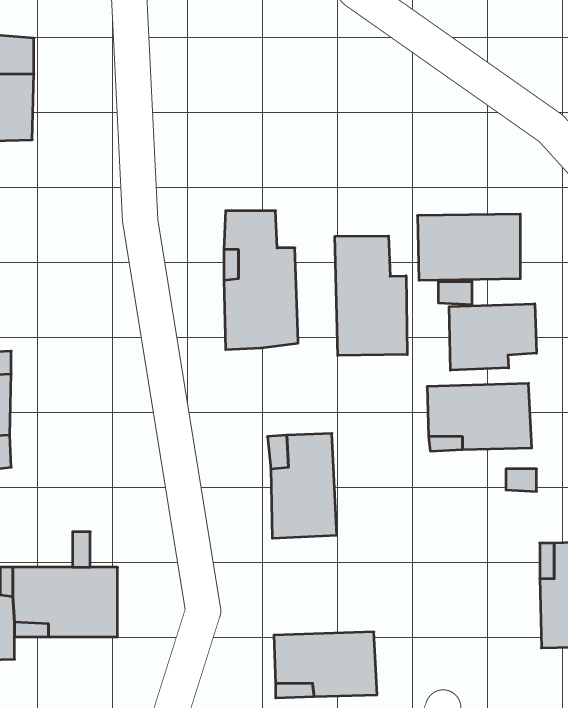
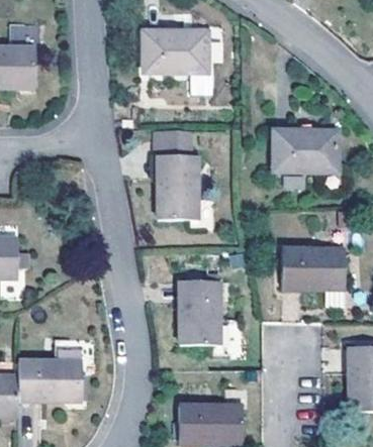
building: none -> [142,38,209,101]
building: [335,236,407,356] -> none
building: [449,304,536,370] -> none

